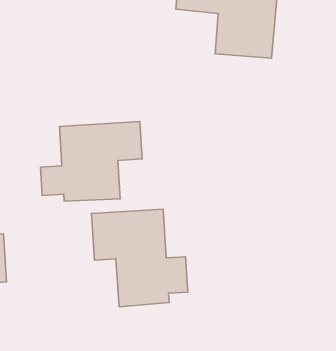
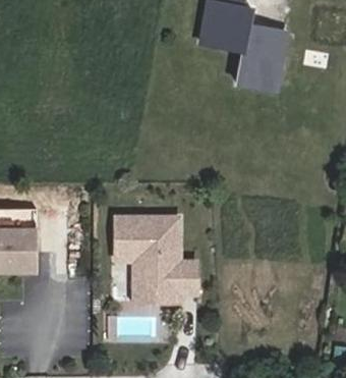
building: [40,122,142,201] -> none

